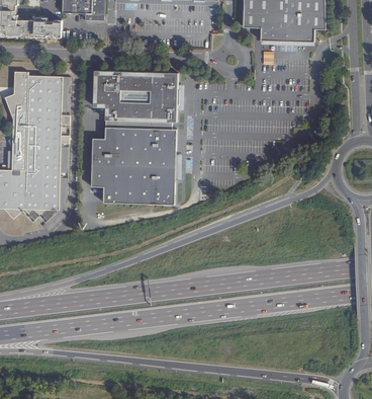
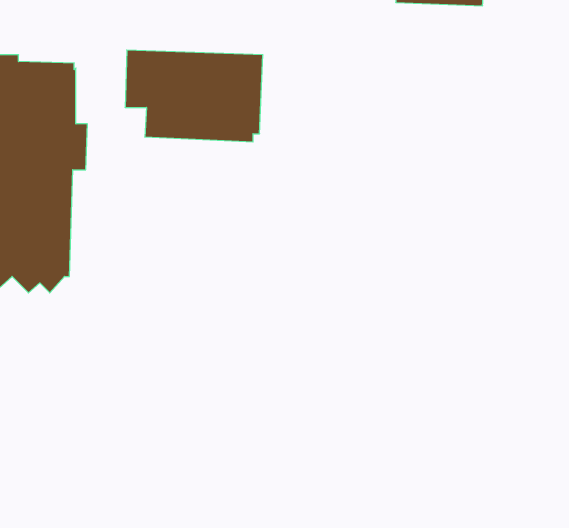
building: [90,124,177,204] -> none

